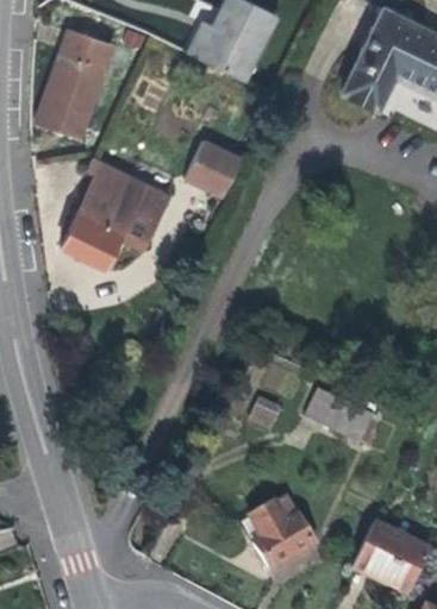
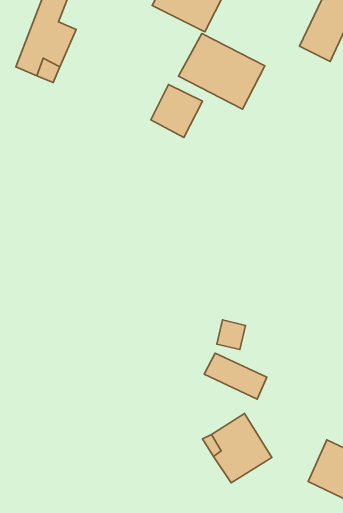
building: none -> [179,33,265,109]
building: [62,162,170,269] -> none
building: [307,389,375,439] -> [204,353,267,399]

